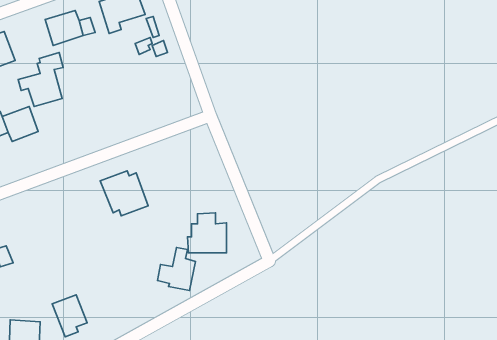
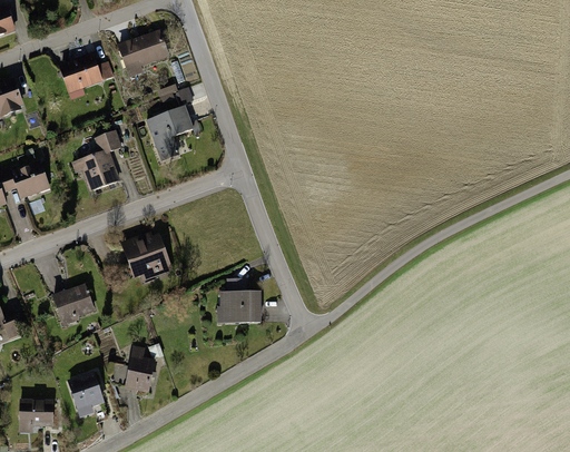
building: [18,52,63,107] -> [71,131,121,191]
building: none -> [145,106,194,161]
building: none -> [51,284,94,325]
building: [158,247,196,290] -> [111,344,154,392]

